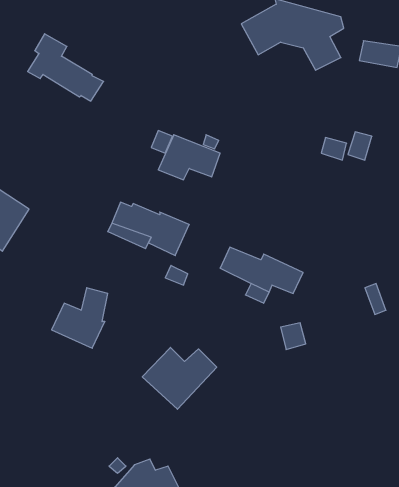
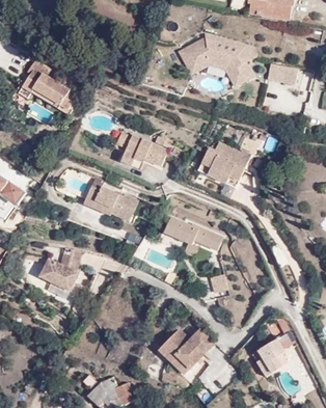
building: none -> [198,142,251,190]
building: [142,347,217,409] -> [160,329,215,375]
building: none -> [250,333,293,374]

